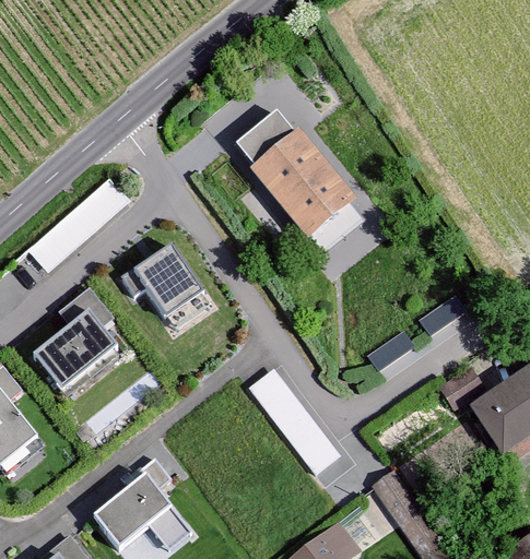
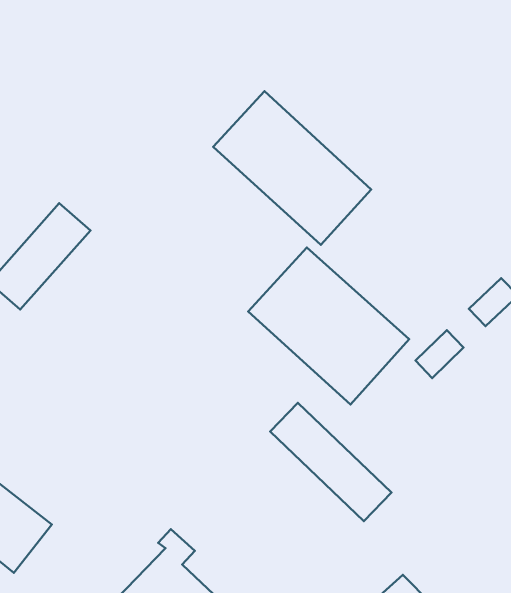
building: [129,237,212,324] -> none
building: none -> [248,247,409,405]
building: [31,302,122,392] -> none

